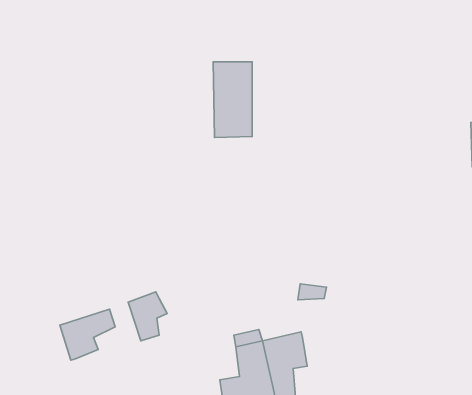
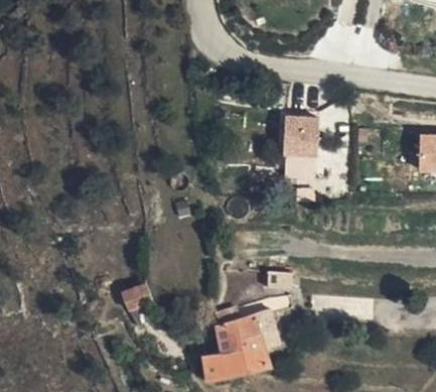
building: [213,62,252,138] -> [284,111,318,177]
building: [60,309,115,360] -> none

